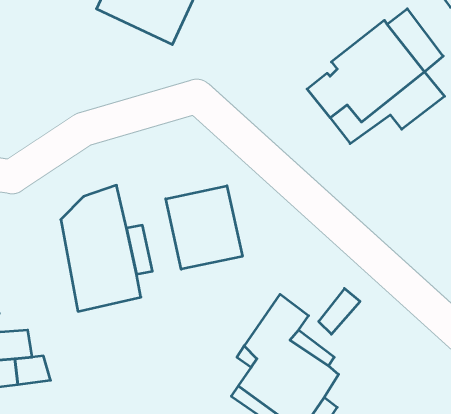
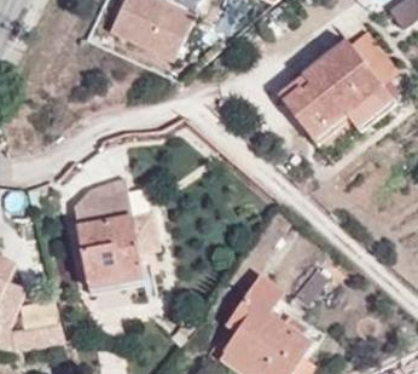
building: [166,186,242,269] -> none

